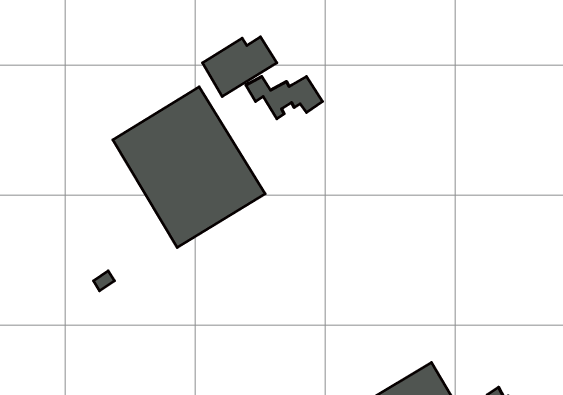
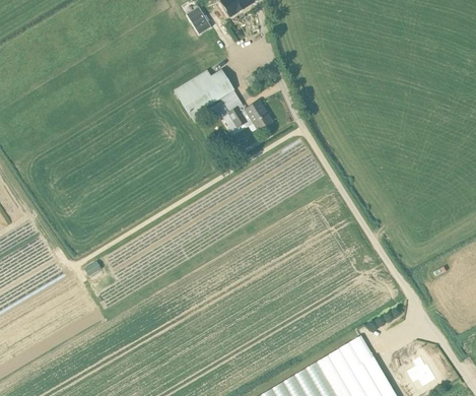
building: [113,87,265,247] -> none

